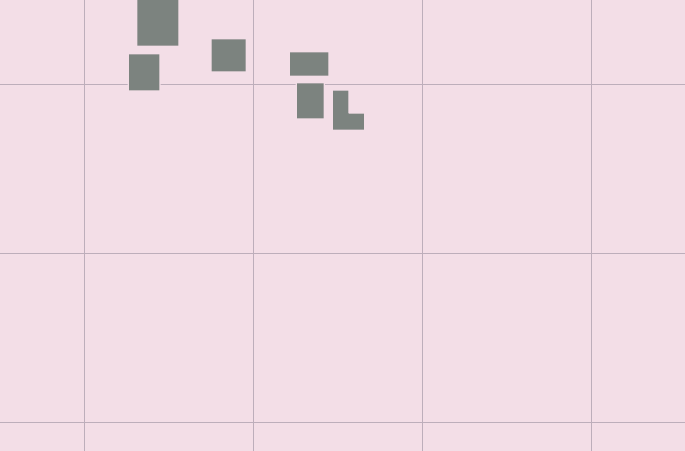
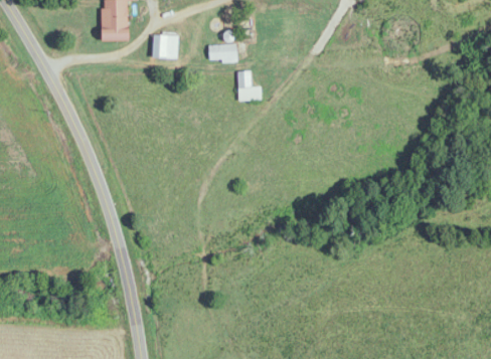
building: [128,53,160,91] -> none
building: [297,83,324,119] -> none

